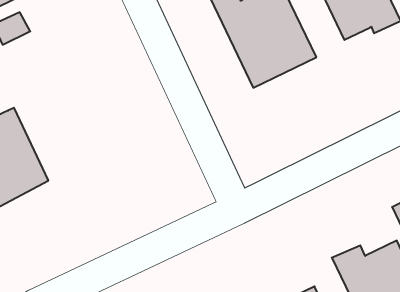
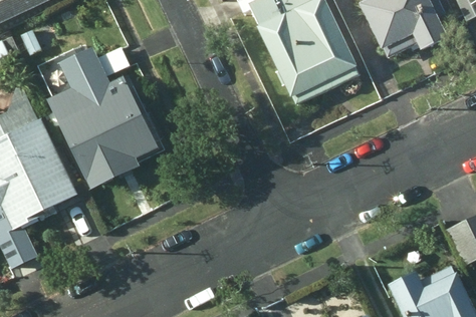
building: none -> [54,50,162,194]

